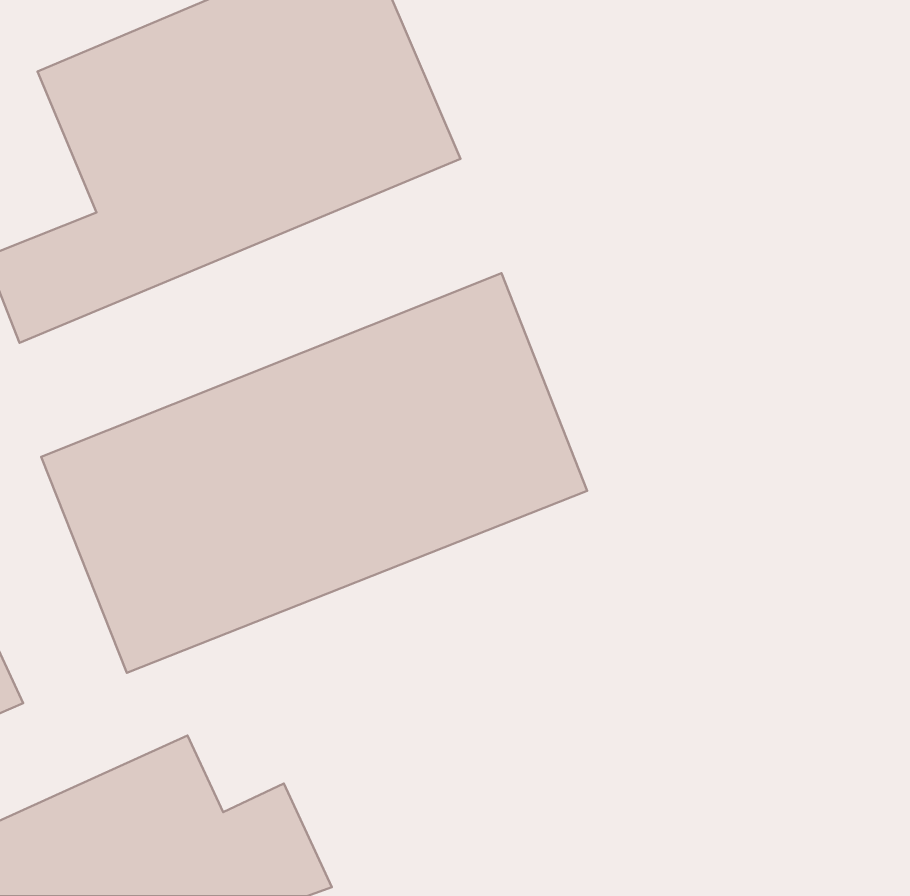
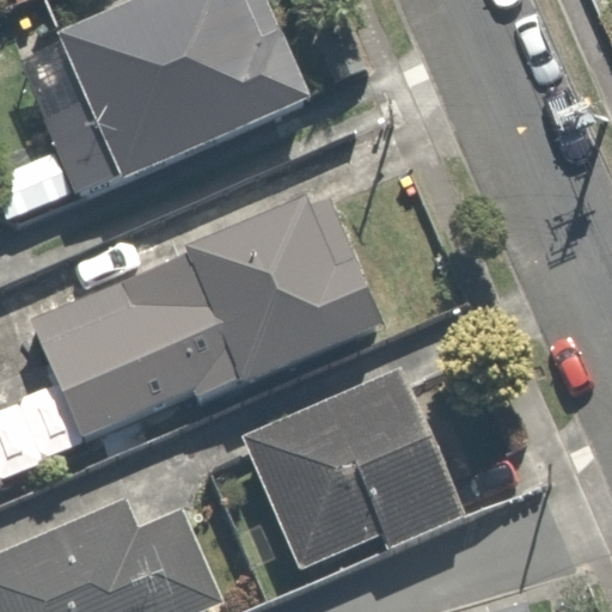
building: none -> [237,369,460,582]

